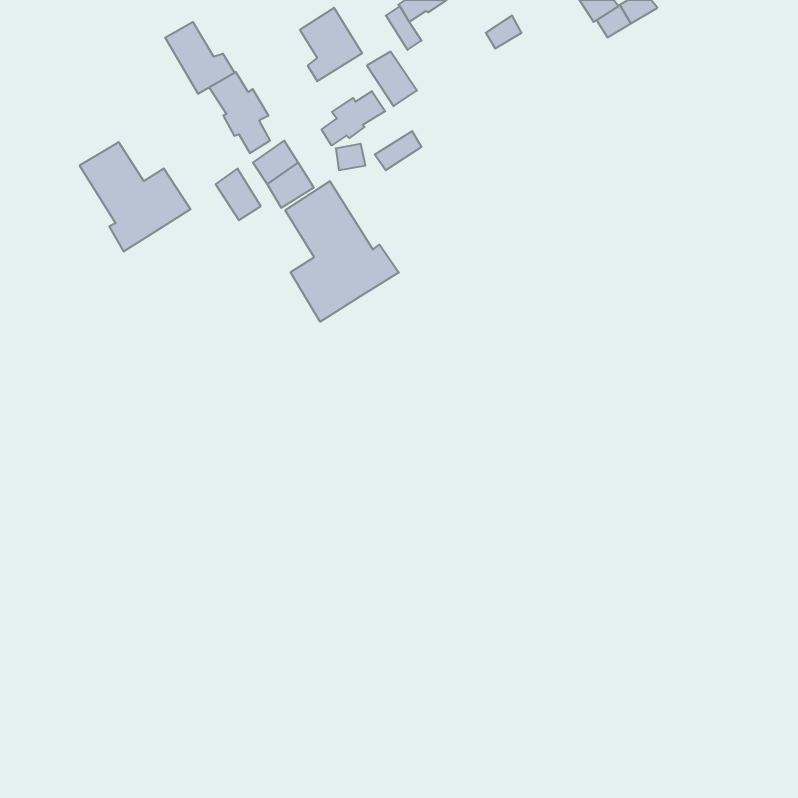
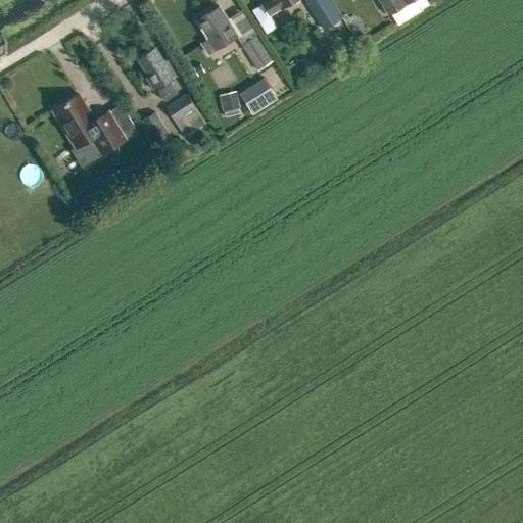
building: [165,22,234,94] -> none
building: [322,91,385,145] -> none
building: [285,181,399,322] -> none

